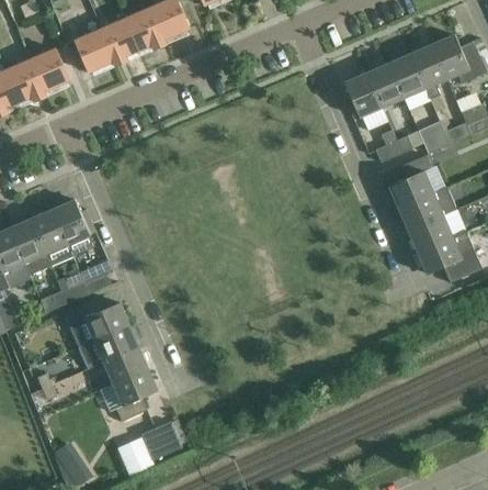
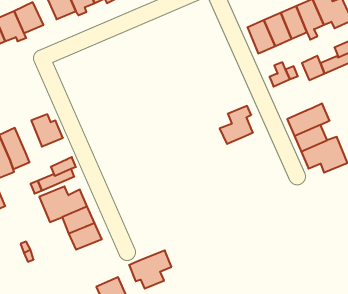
building: [388,155,433,207] -> [220,106,253,144]
building: [31,209,67,254] -> none
building: [100,369,157,421] -> [129,250,171,289]

